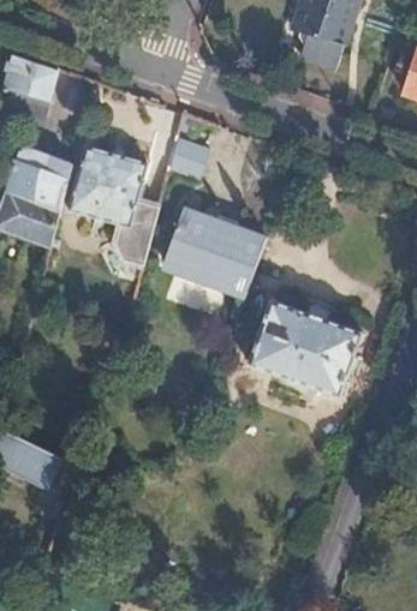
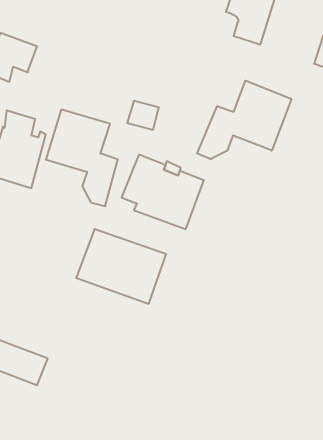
building: none -> [197,81,291,159]
building: [245,302,358,396] -> [76,229,166,304]

